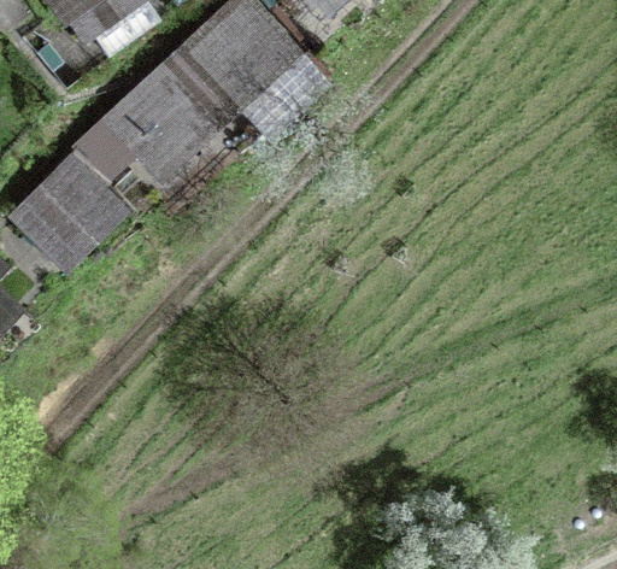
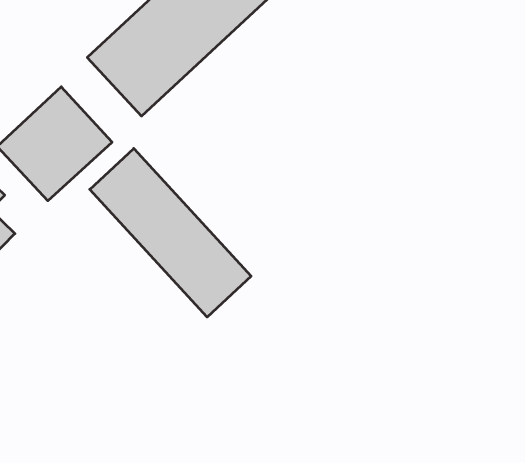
building: none -> [90,148,251,317]

